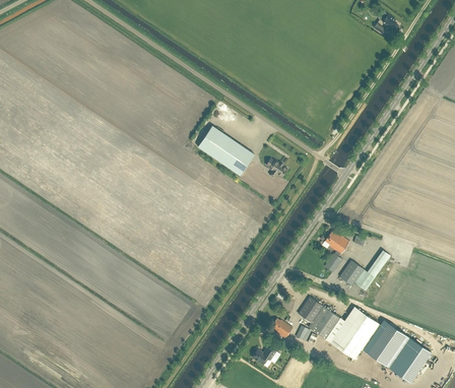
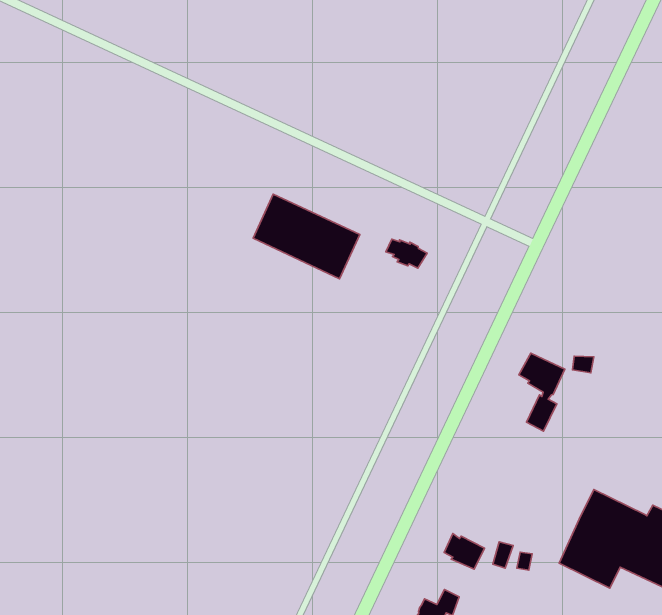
building: [339,260,375,292] -> none
building: [299,298,339,339] -> none

